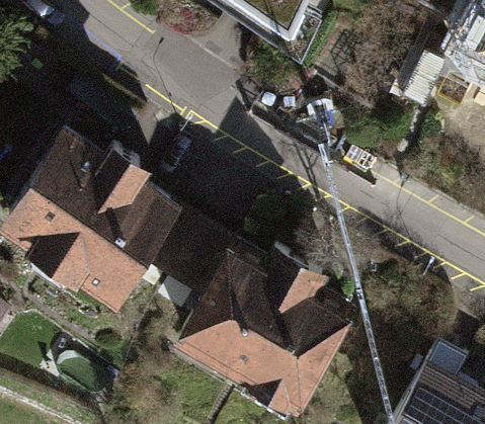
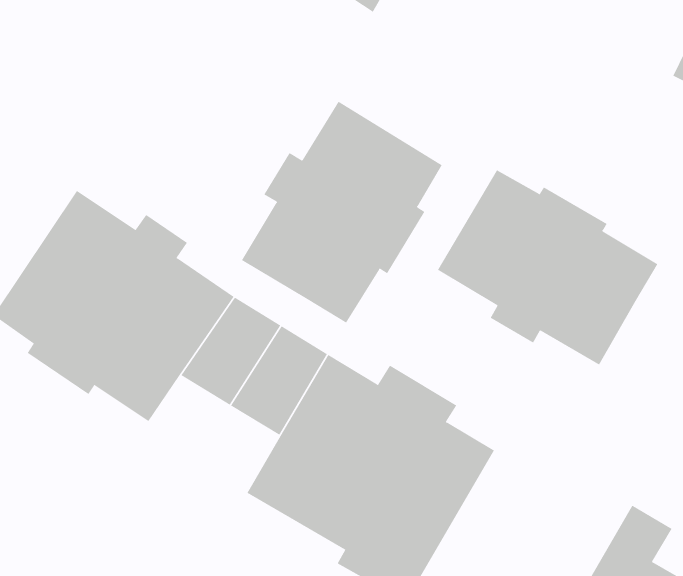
building: none -> [241,101,442,324]
building: none -> [437,169,658,366]

